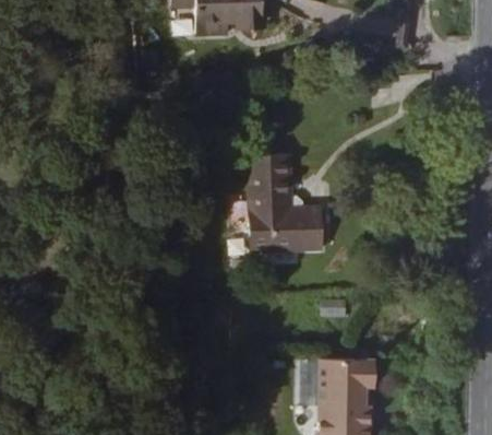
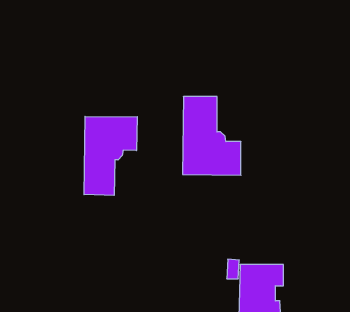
building: none -> [84,116,137,195]

